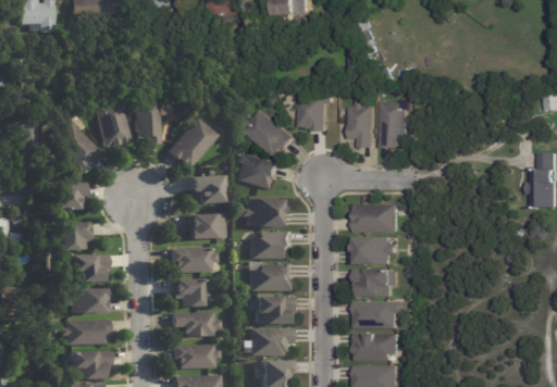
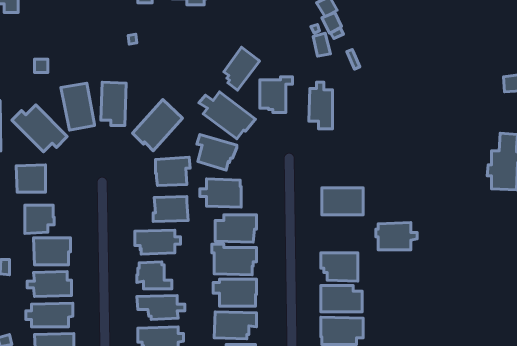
building: none -> [224,47,259,90]
building: [377,101,404,147] -> none
building: [357,237,398,264] -> [376,223,417,250]

